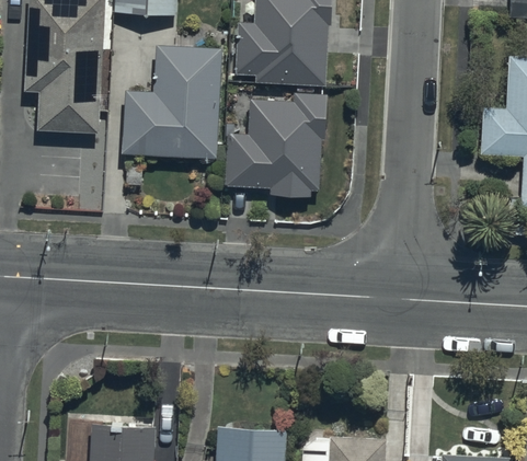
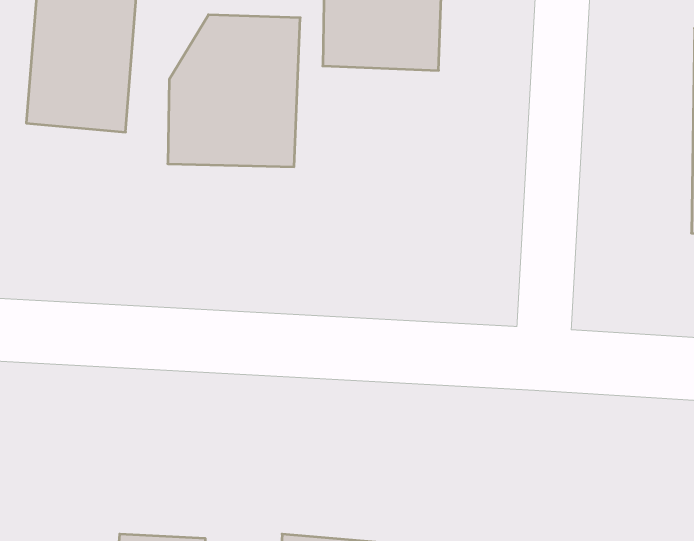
building: [231,99,320,195] -> none

